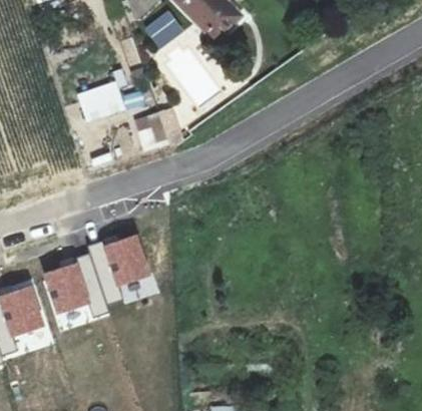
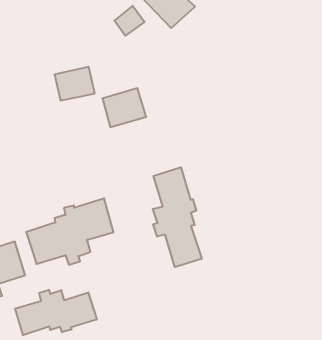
building: none -> [153,167,202,267]
building: none -> [15,290,97,335]

